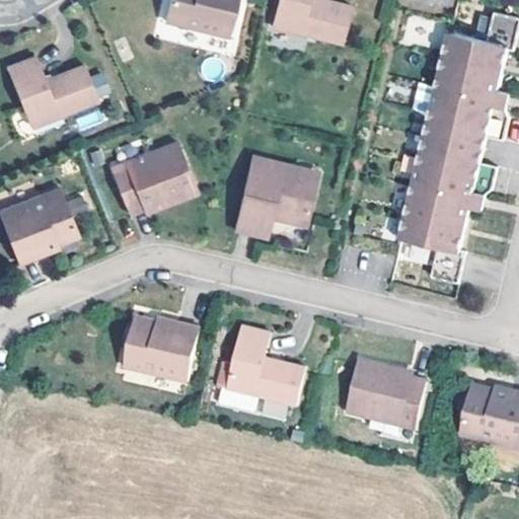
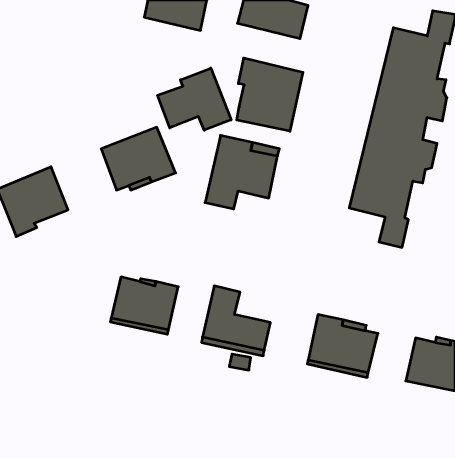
building: [4,63,104,133] -> none
building: none -> [237,58,303,131]
building: none -> [158,68,231,130]

